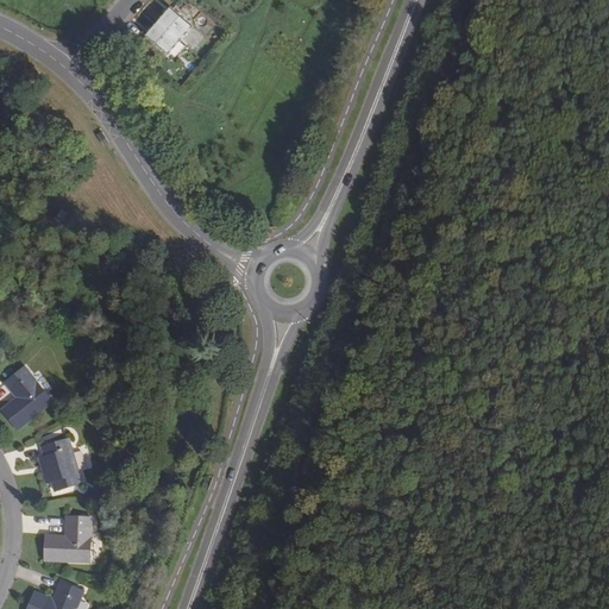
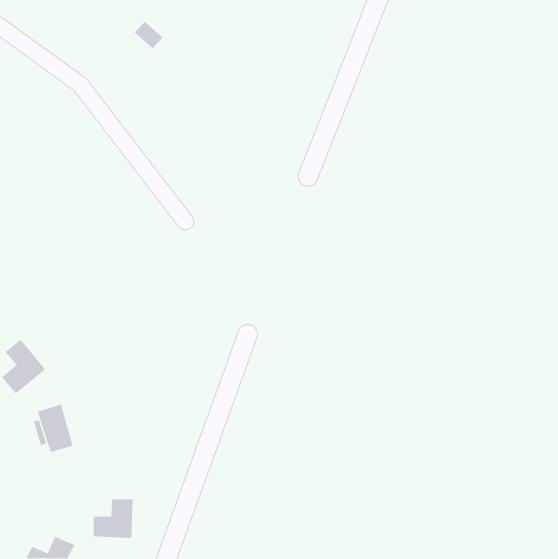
building: [157,8,189,40] -> none
building: [45,517,89,561] -> [93,498,133,539]

